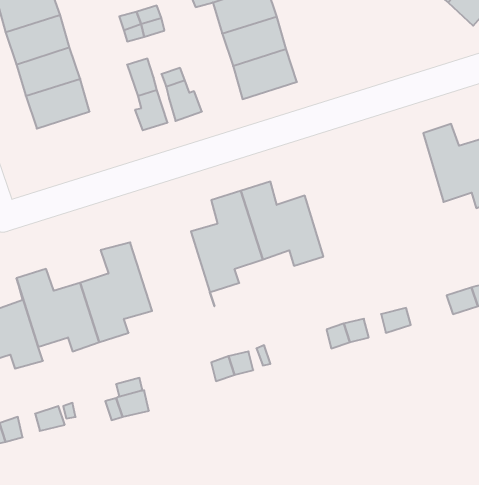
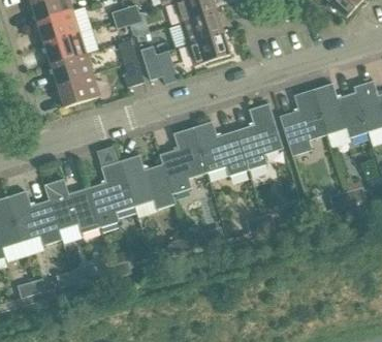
building: none -> [58,74,100,107]
building: none -> [280,89,327,156]
building: none -> [235,103,283,170]
building: none -> [120,154,176,210]

